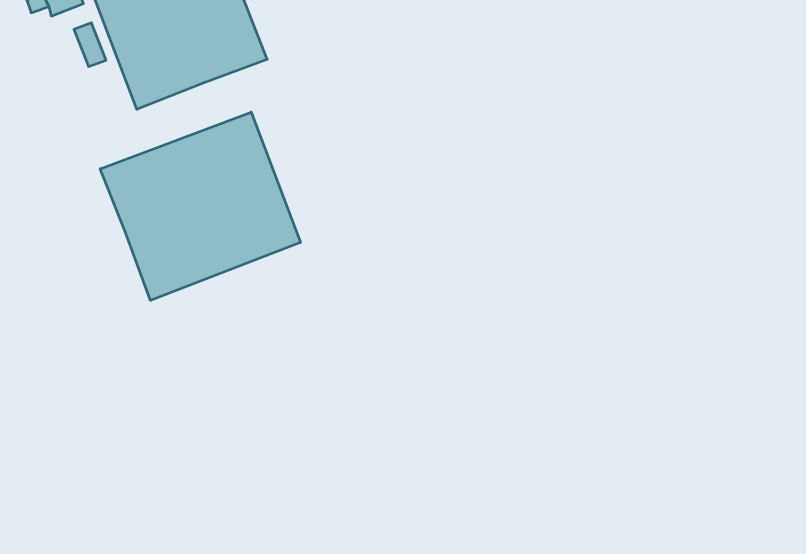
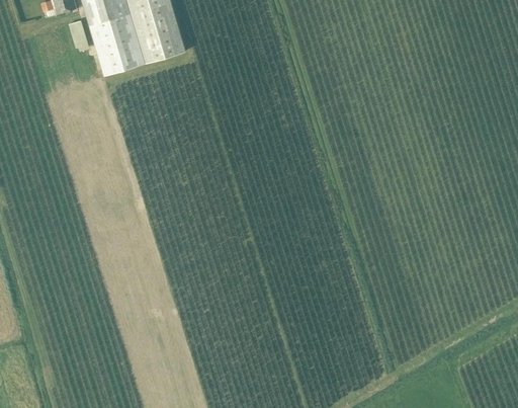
building: [100,112,300,300] -> none

